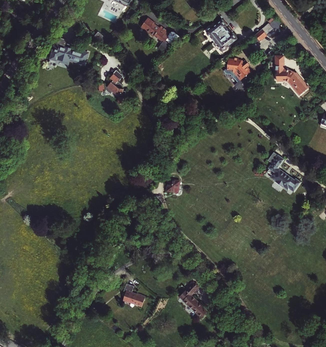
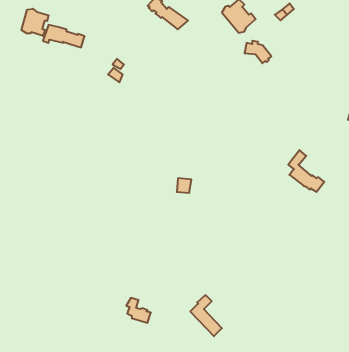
building: none -> [21,9,49,36]
building: [271,56,309,95] -> none

